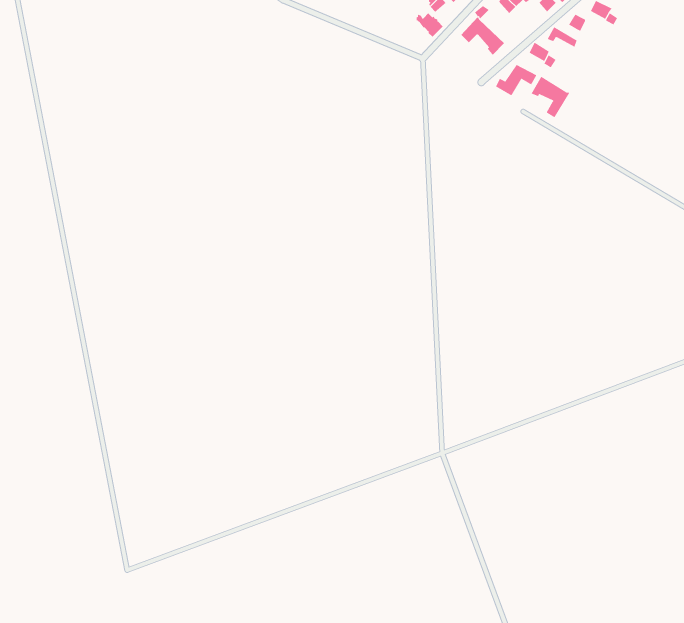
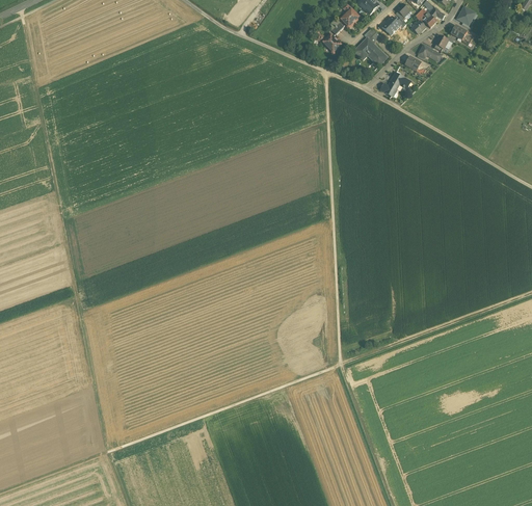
building: [531,76,570,118] -> none

